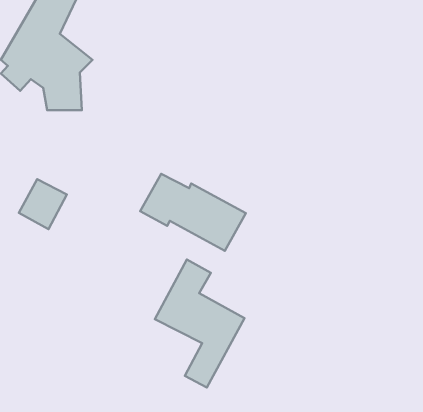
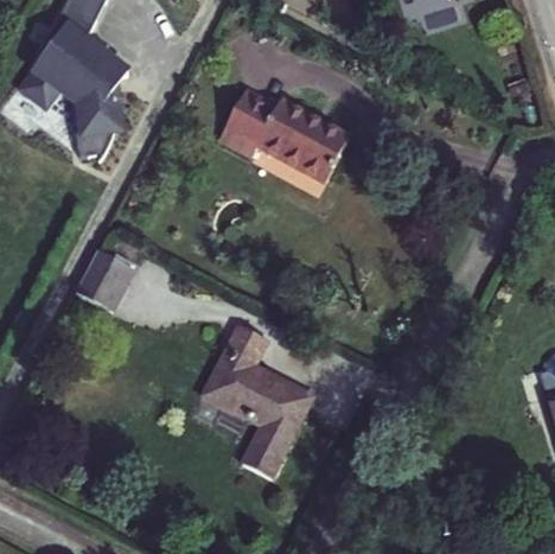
building: [140,174,246,251] -> [225,87,356,182]
building: [19,179,67,229] -> [78,249,138,311]

